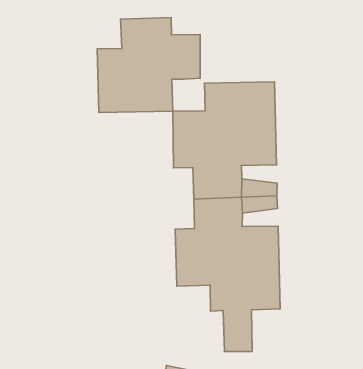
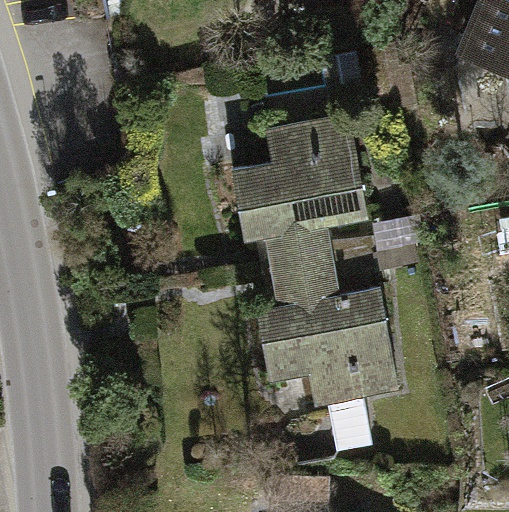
building: [97,17,200,113] -> none

